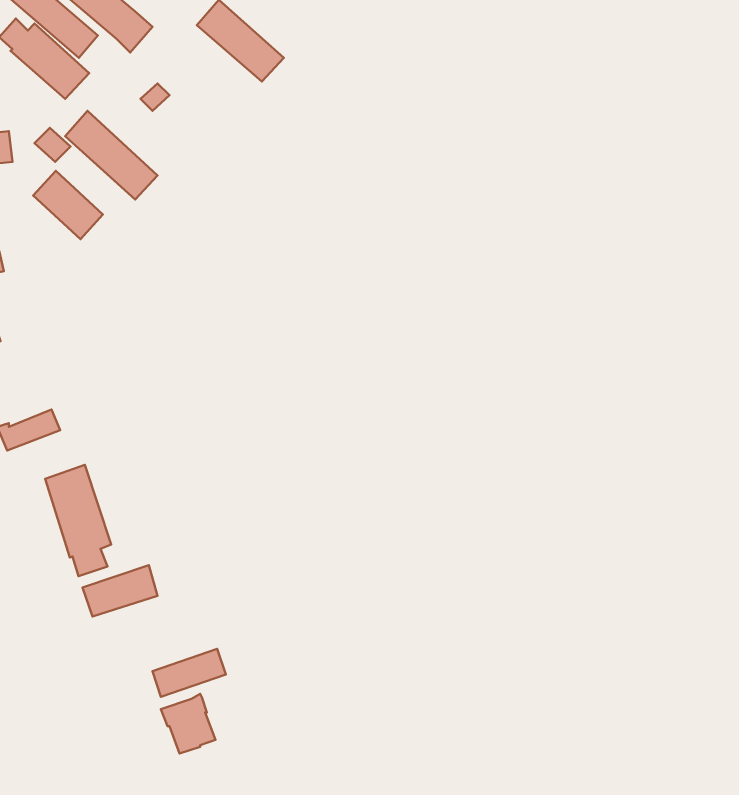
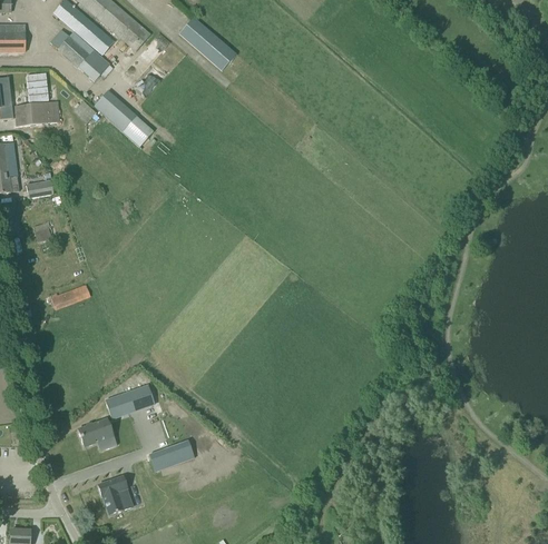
building: [33,171,103,239] -> none
building: [45,465,111,576] -> none
building: none -> [79,417,115,445]
building: [161,694,215,754] -> [97,475,133,514]

